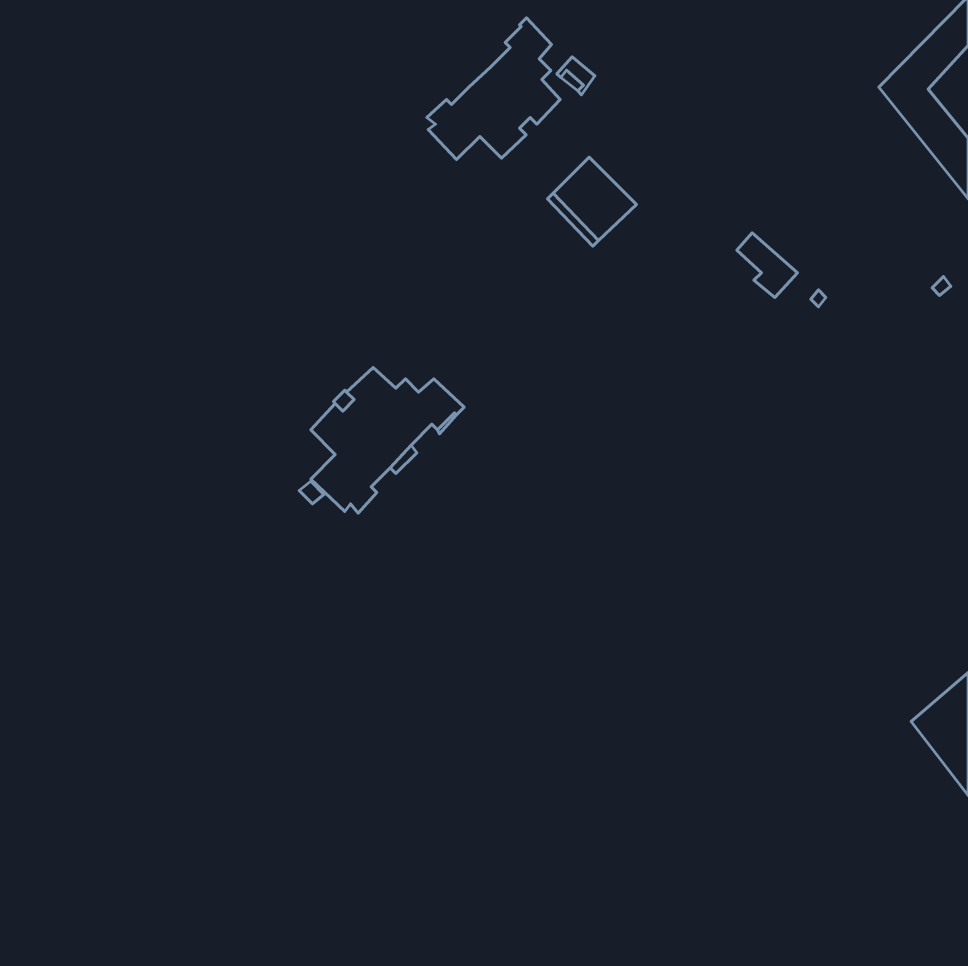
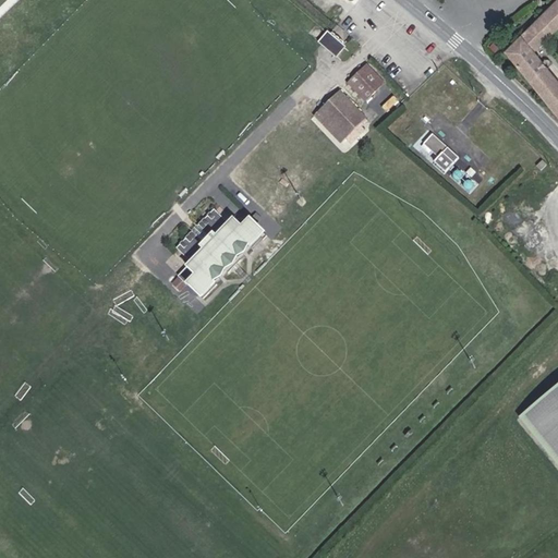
building: [427,18,560,160] -> none
building: none -> [347,63,385,100]

